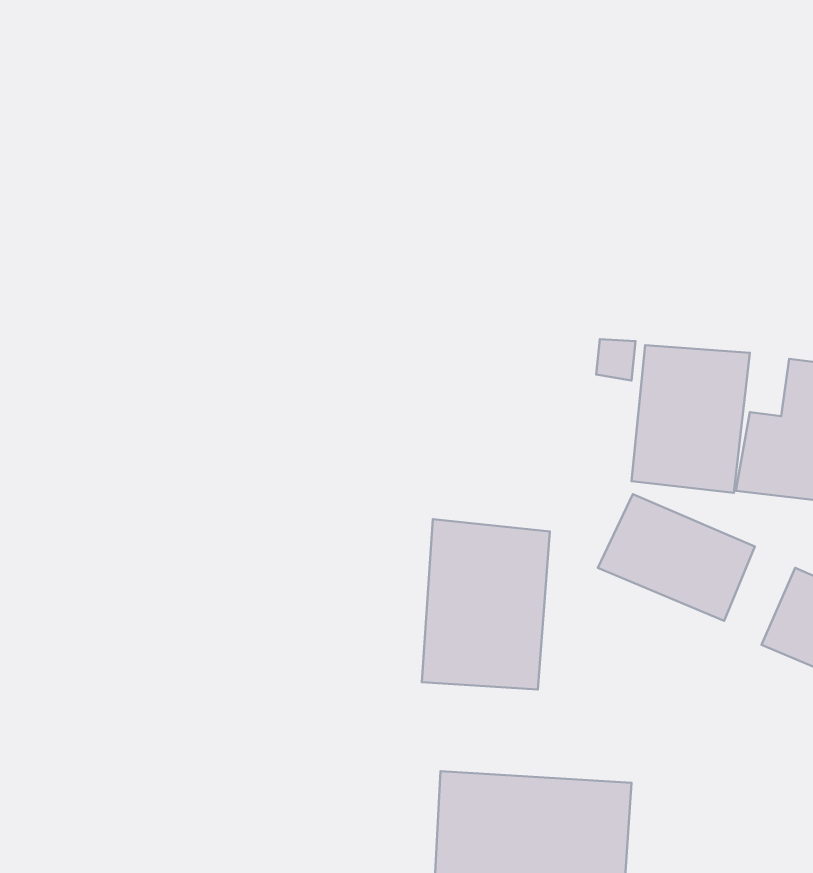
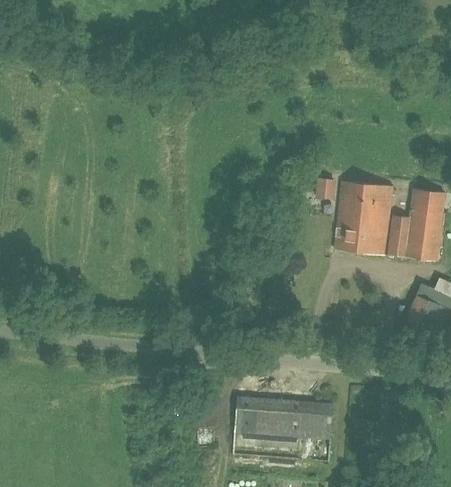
building: [598,494,755,621] -> none
building: [422,519,550,690] -> none

